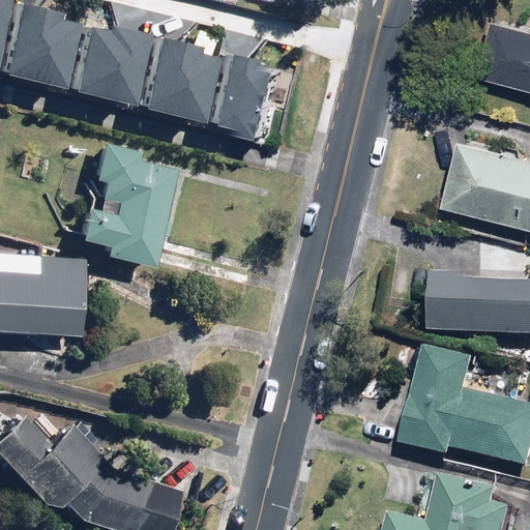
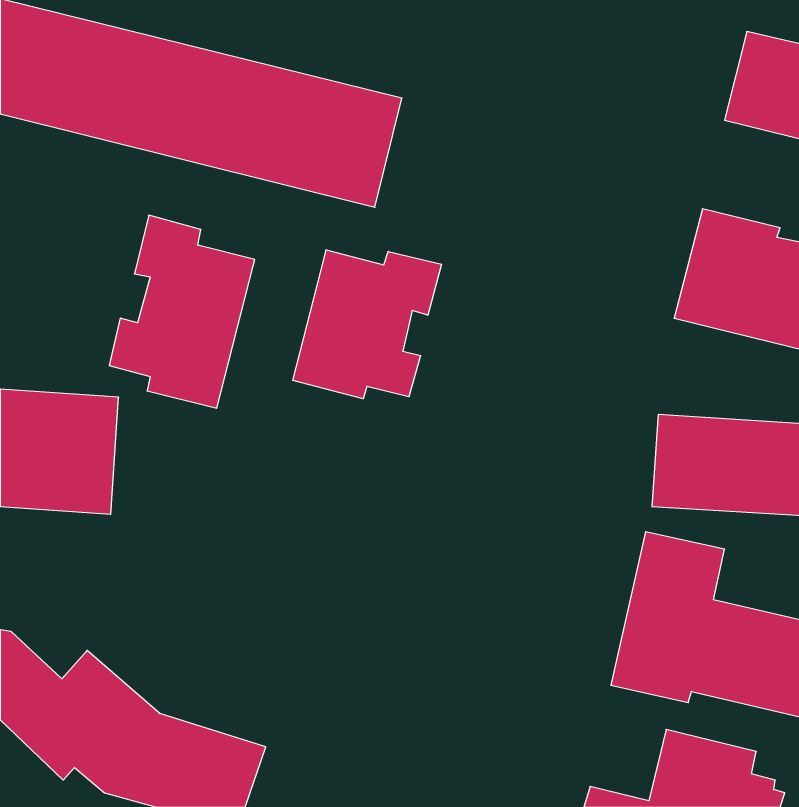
building: none -> [293,250,442,399]

